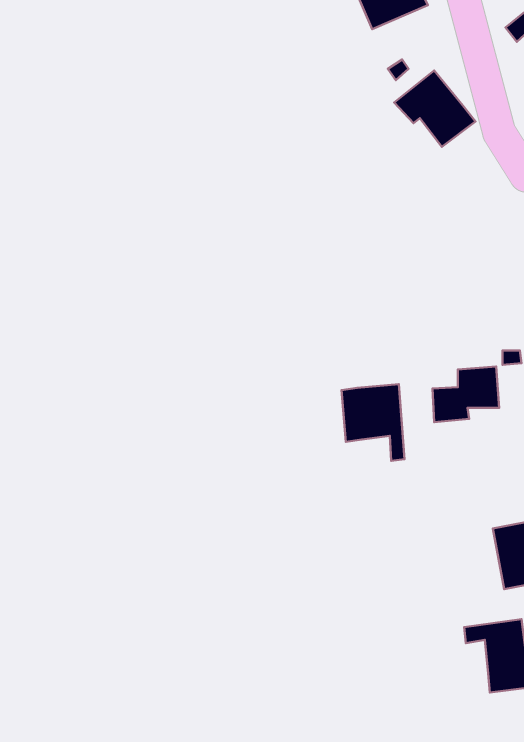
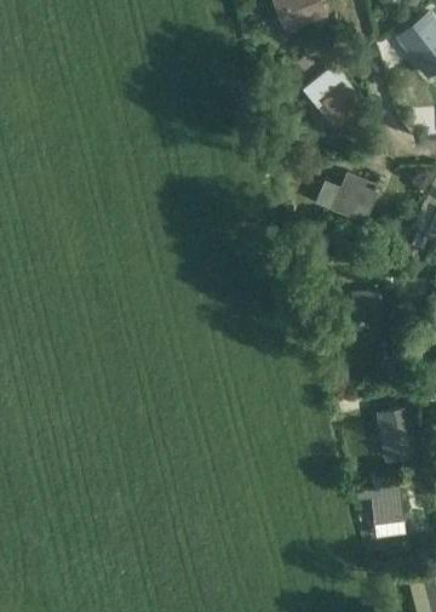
building: none -> [315,171,380,222]
building: [341,384,405,461] -> none

